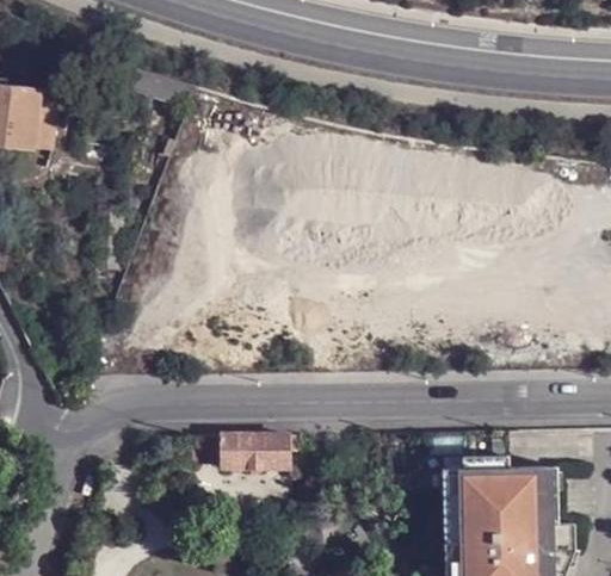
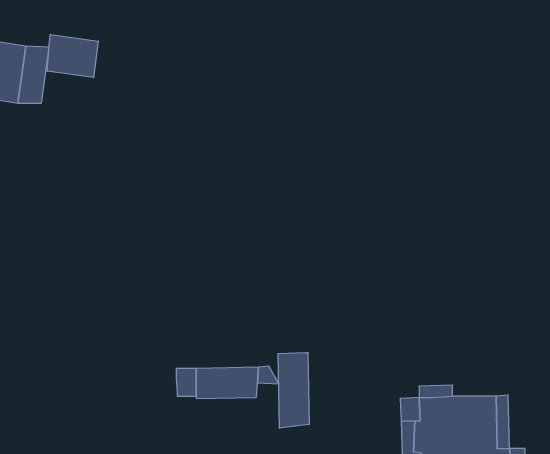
building: none -> [47,34,98,78]
building: none -> [278,352,309,428]

